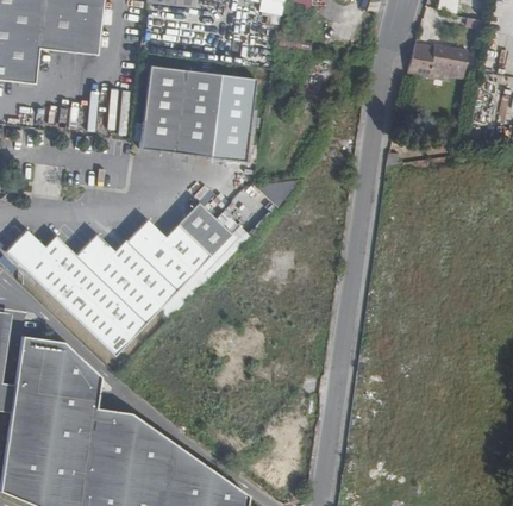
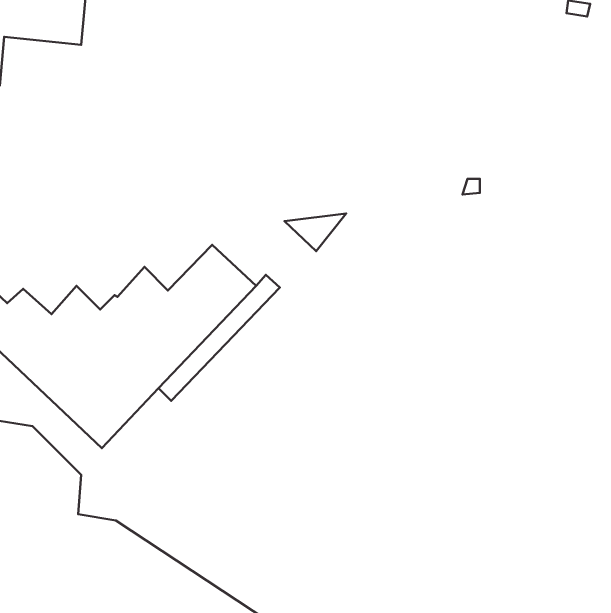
building: [409,44,471,82] -> none
building: [137,64,252,157] -> none

